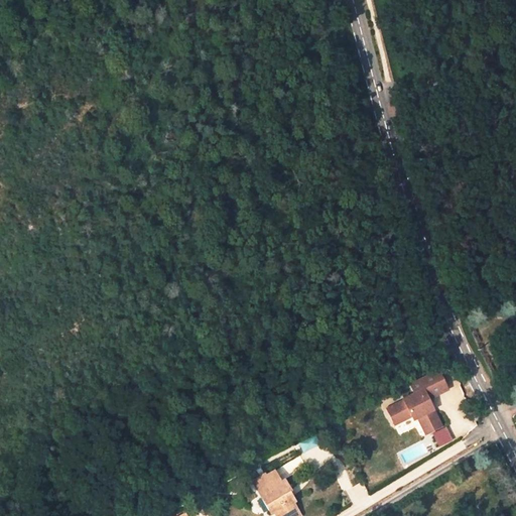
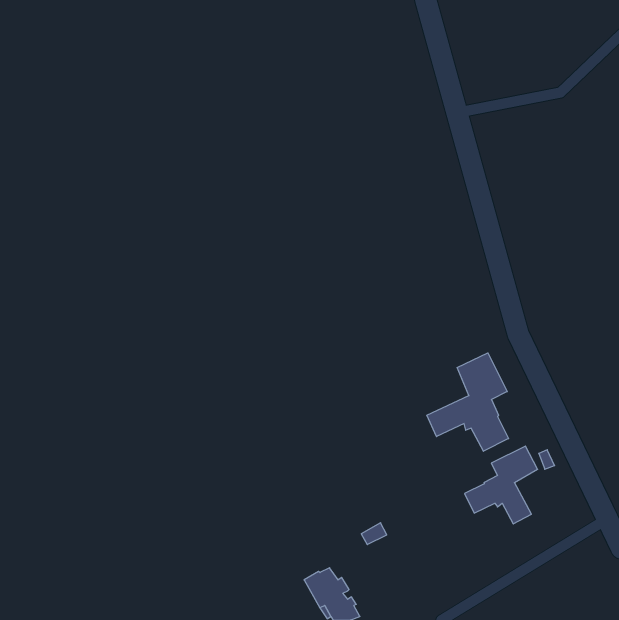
building: none -> [427,353,509,451]

